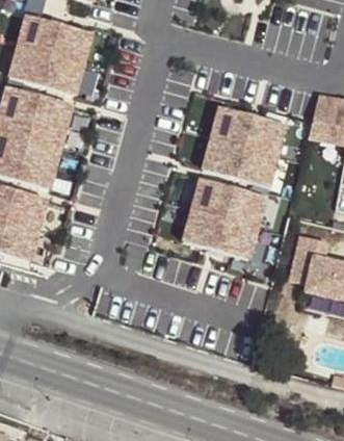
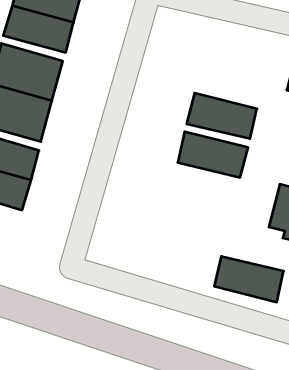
building: [210,107,283,155] -> none
building: [185,211,258,259] -> [214,256,284,302]

